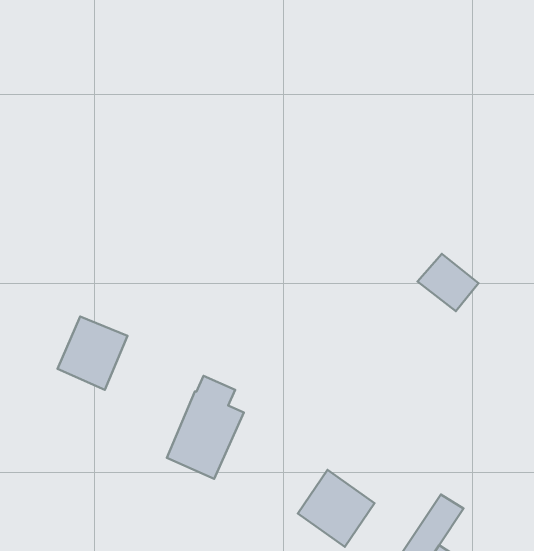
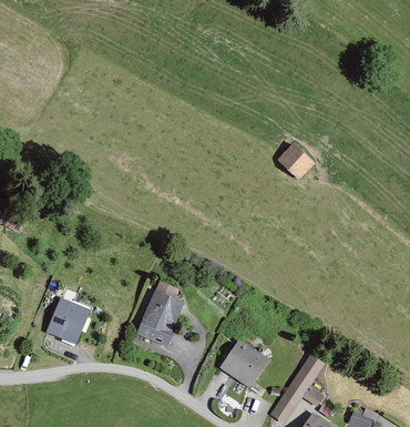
building: [417,254,479,311] -> [276,144,315,181]
building: [58,317,127,390] -> [45,297,90,344]

